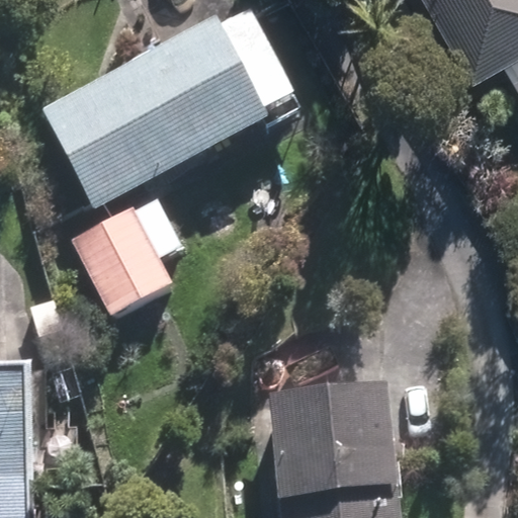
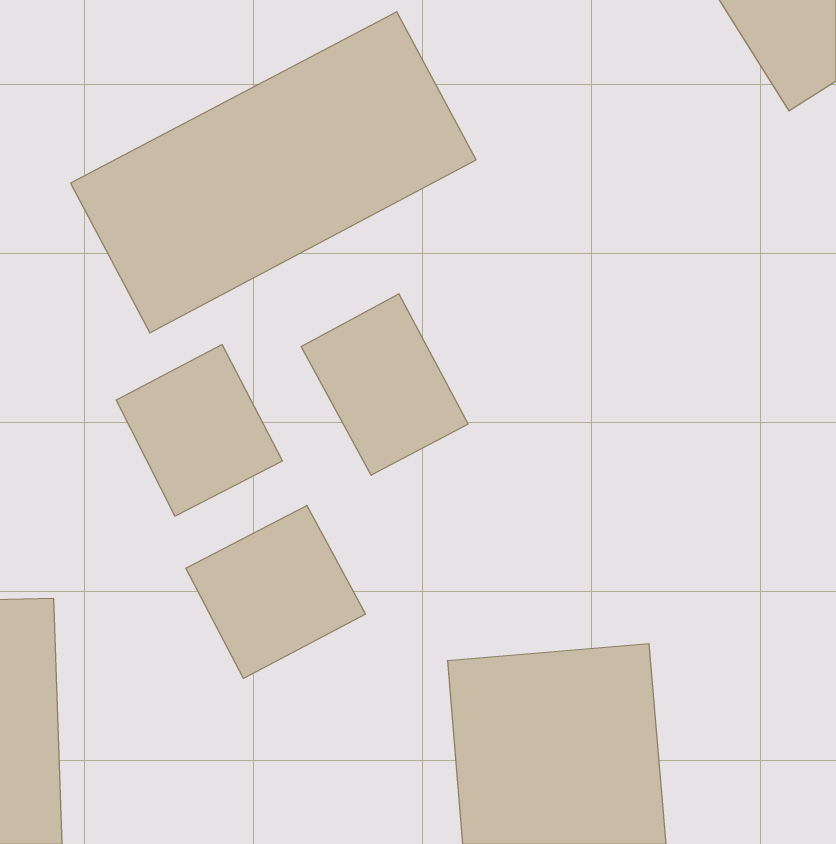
building: none -> [301,294,468,475]
building: none -> [186,505,365,678]

